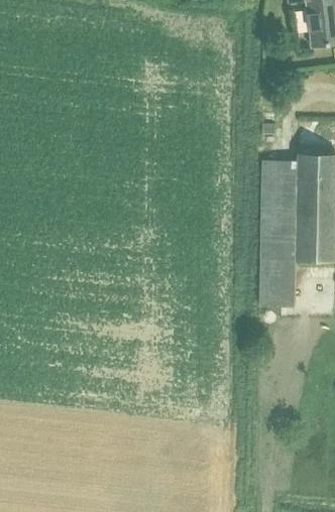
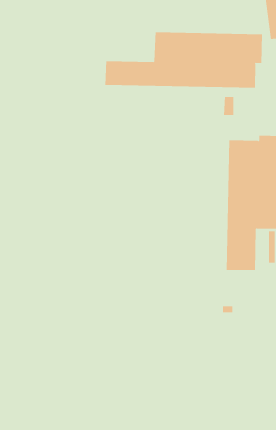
building: none -> [105,31,262,88]

